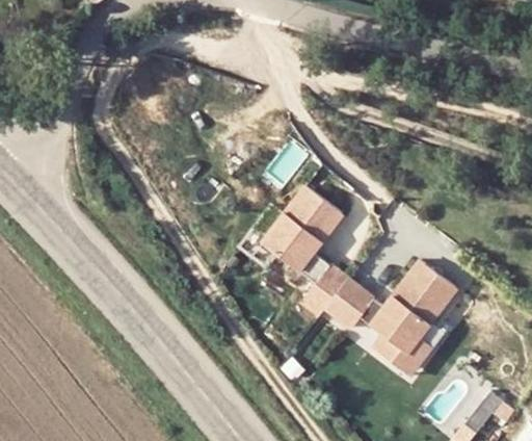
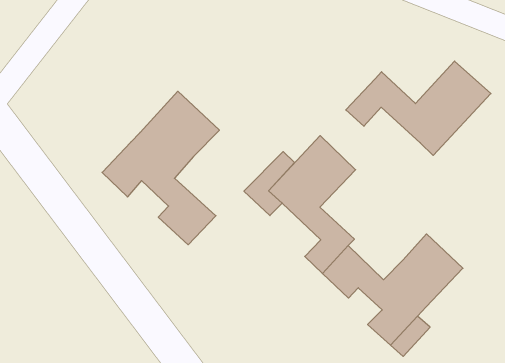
building: none -> [346,61,491,155]
building: none -> [102,91,219,245]

